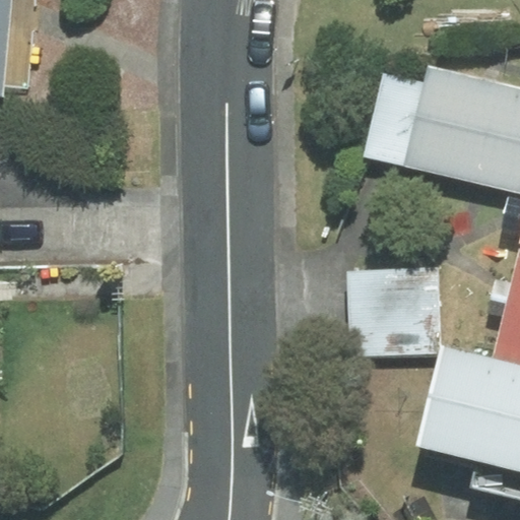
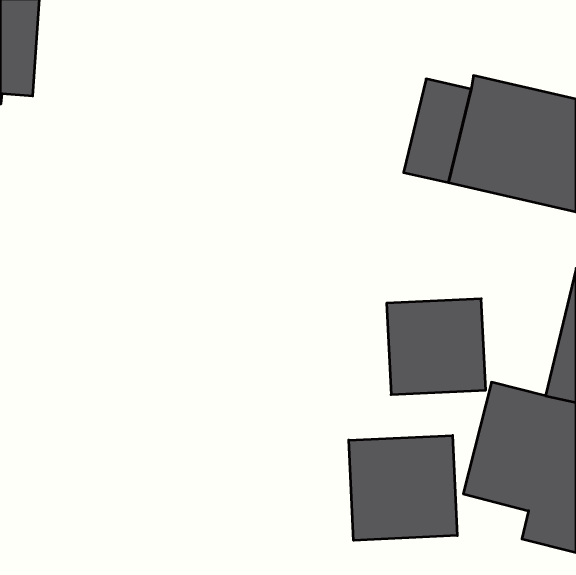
building: none -> [349,435,457,540]

